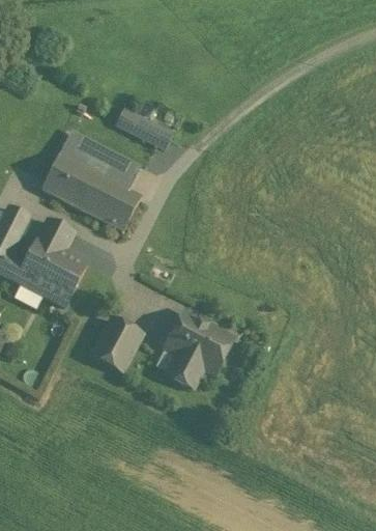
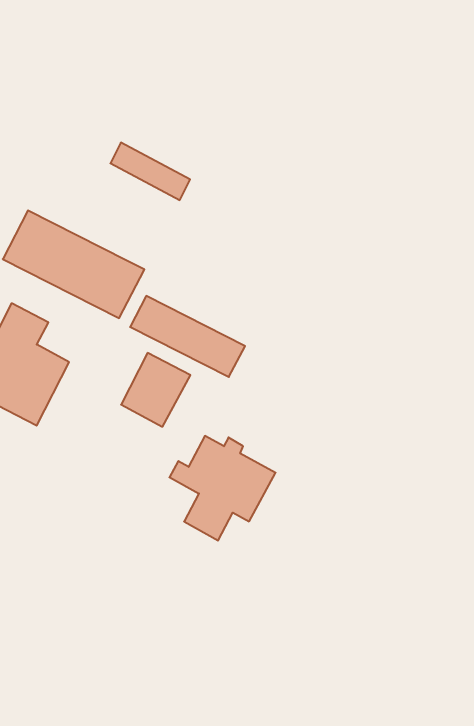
building: [58,133,139,190] -> [130,296,245,377]
building: [92,318,141,370] -> [121,353,190,427]

